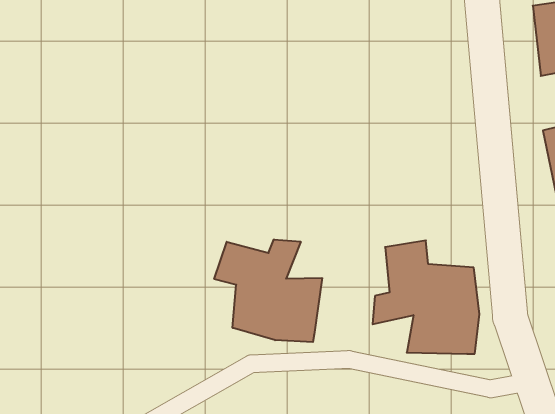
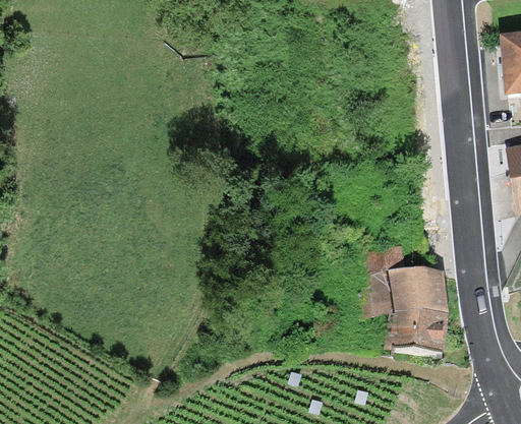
building: [214,239,322,342] -> none

